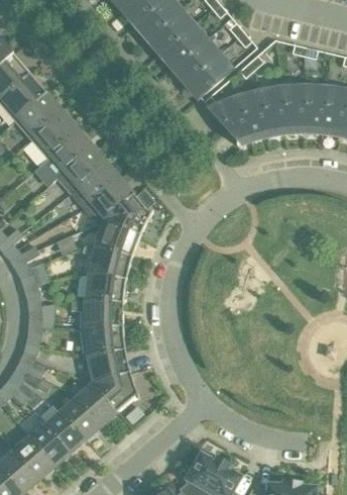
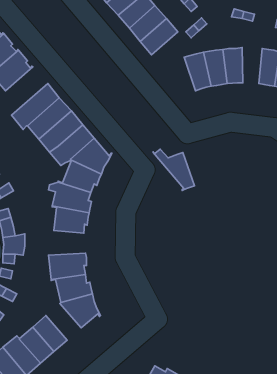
building: [303,88,326,129] -> none
building: [202,95,249,142] -> [153,149,194,190]
building: [31,110,80,158] -> none
building: [70,297,123,326] -> none
building: [78,382,118,424] -> none

